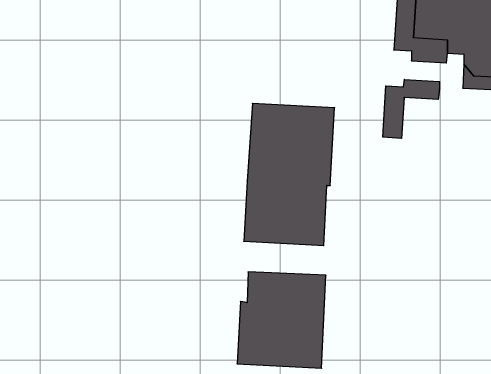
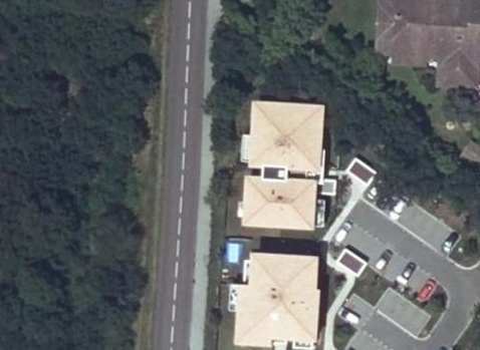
building: [383,79,439,138] -> none

